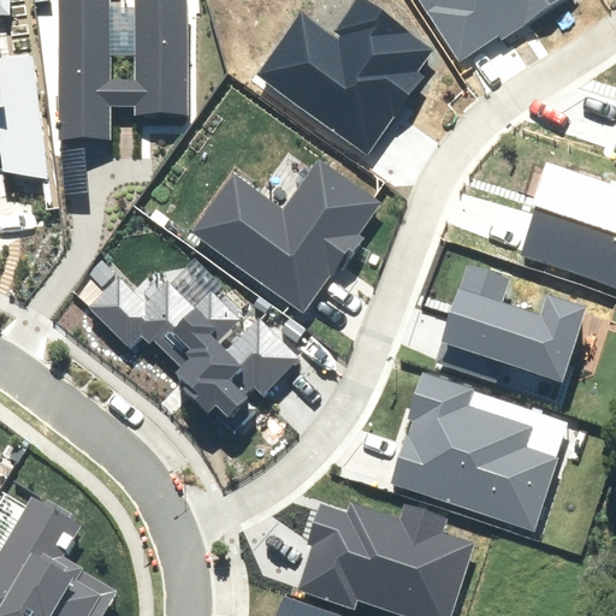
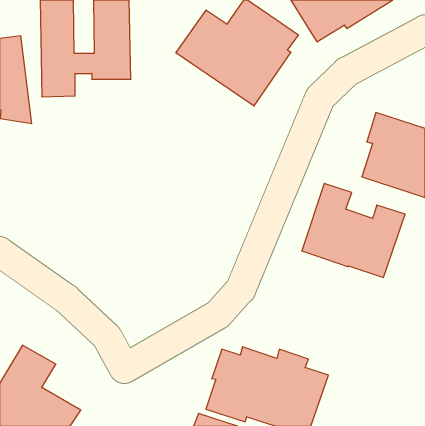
building: [190,158,383,313] -> none
building: [87,277,301,430] -> none
building: [390,373,556,529] -> none

